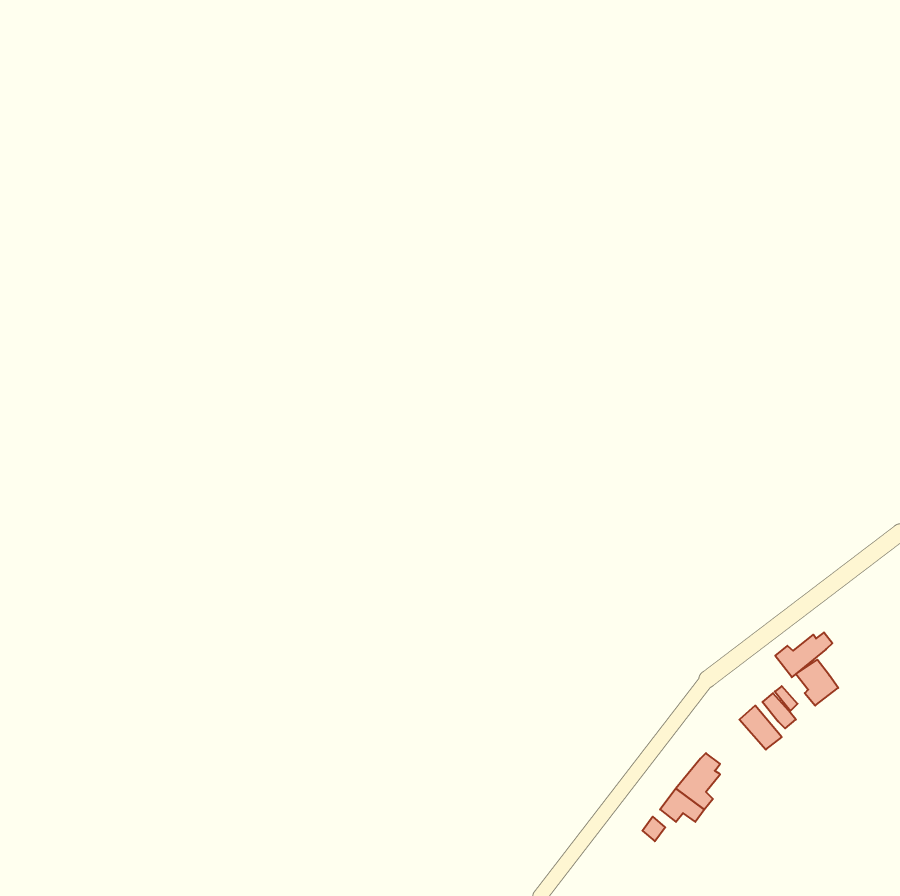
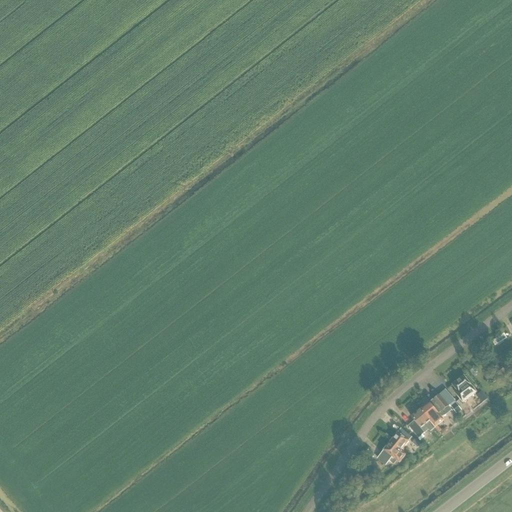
building: [775,632,832,677] -> none
building: none -> [407,408,434,436]

